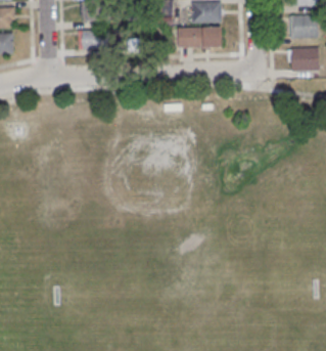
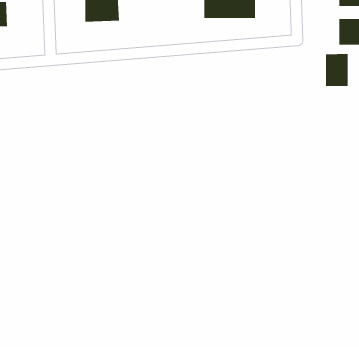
building: none -> [326,53,348,87]

